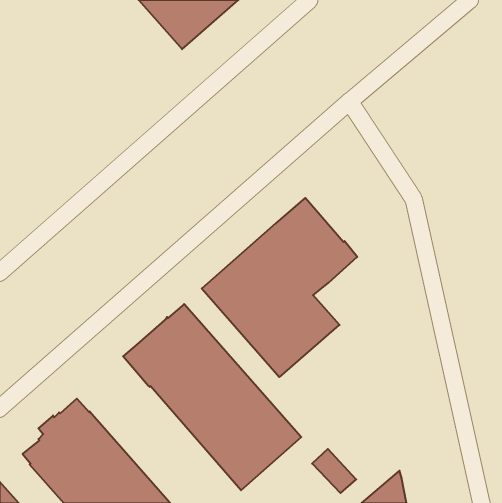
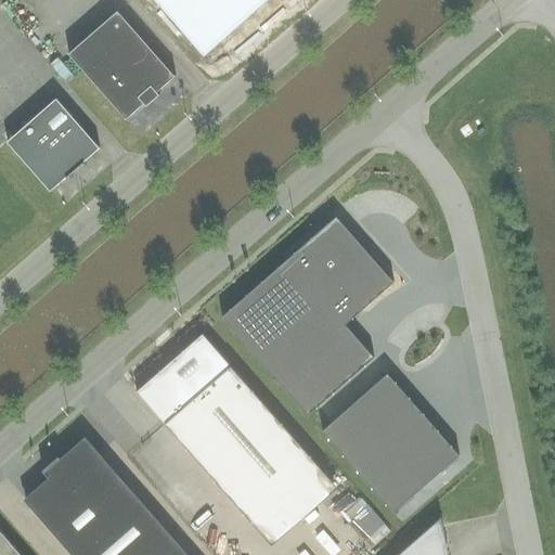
building: none -> [68,12,176,120]
building: none -> [7,100,100,192]
building: none -> [322,374,459,513]

